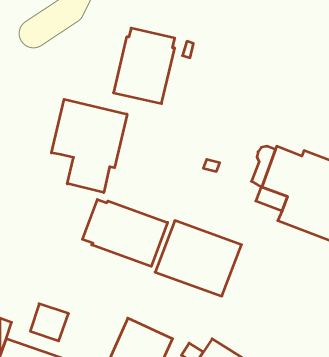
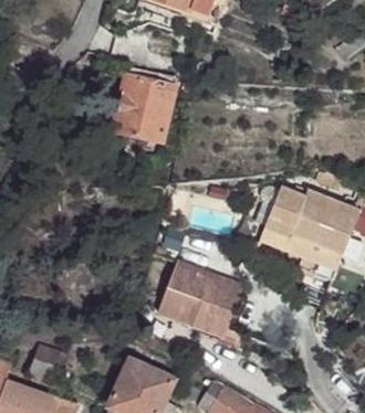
building: [51,99,127,193] -> none
building: [82,199,168,266] -> none

